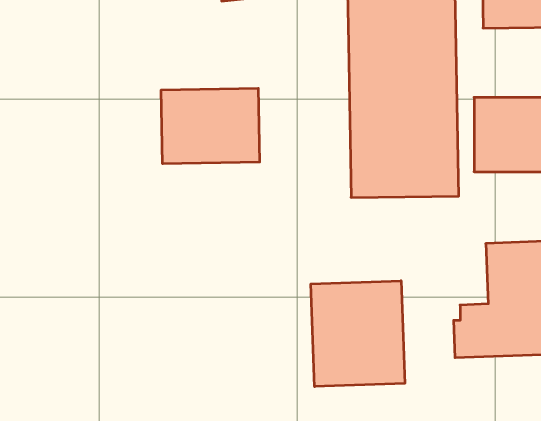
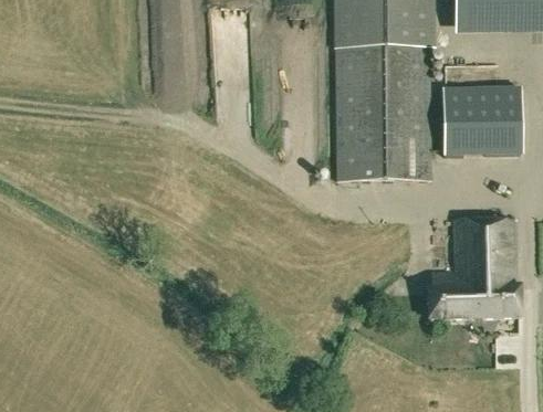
building: [161,88,260,164] -> none
building: [311,281,405,387] -> none

